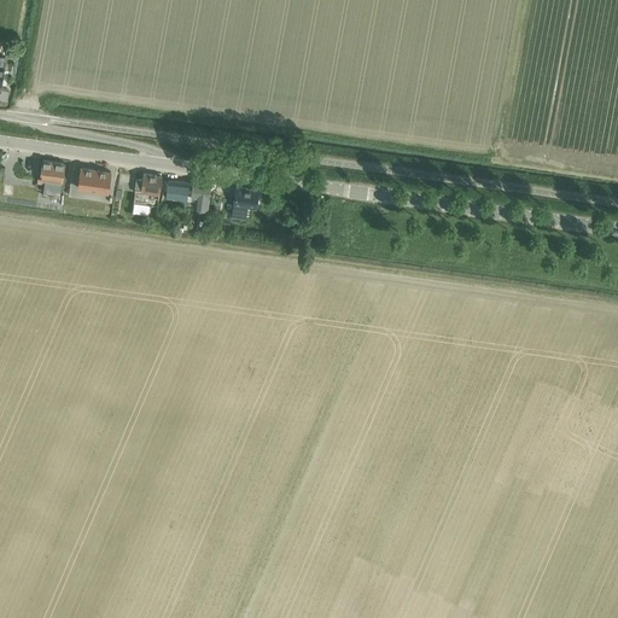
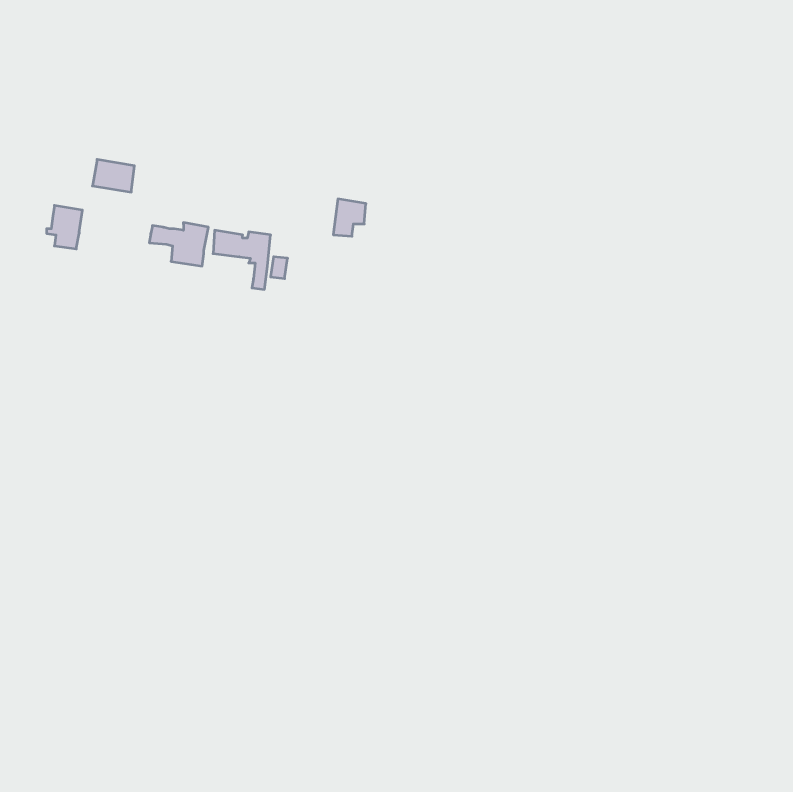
building: [77,169,110,194] -> [92,159,134,192]
building: [232,188,257,217] -> [333,199,366,236]

